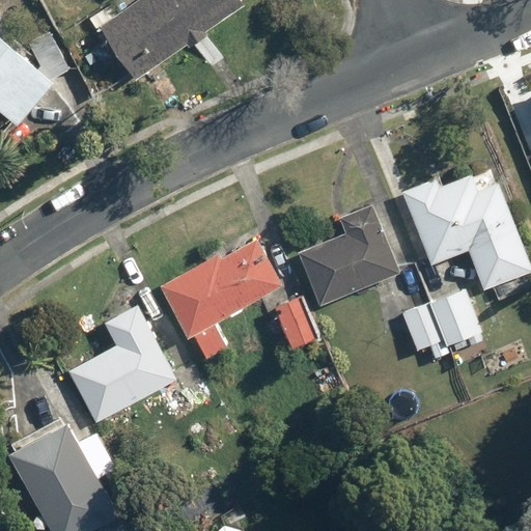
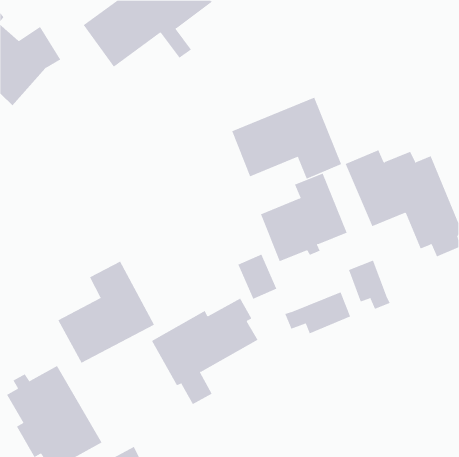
building: none -> [231,97,342,179]
building: [159,234,282,358] -> [151,298,258,405]
building: [430,289,482,346] -> none
building: none -> [285,291,351,334]

